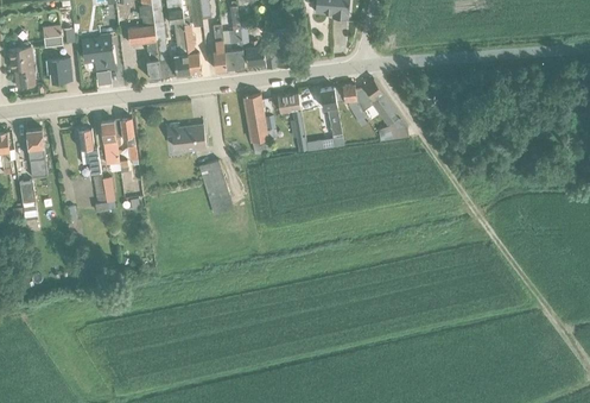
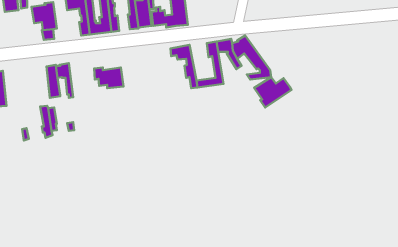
building: [45,57,74,84] -> none
building: [243,94,271,155] -> none
building: [77,128,101,174] -> none
building: none -> [254,77,291,107]
building: [198,159,234,215] -> none

